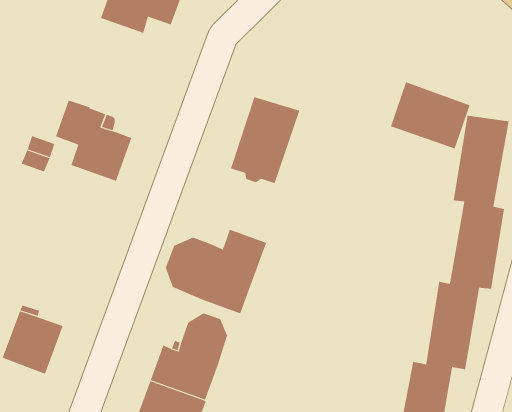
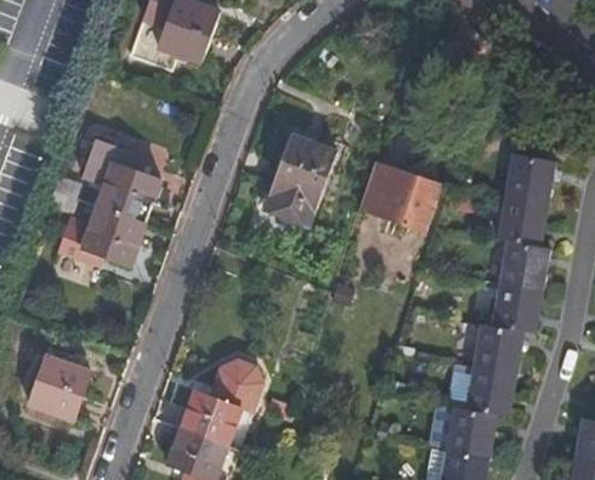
building: [390,82,471,149] -> [359,160,442,230]
building: none -> [61,205,148,266]
building: [165,229,267,314] -> none

